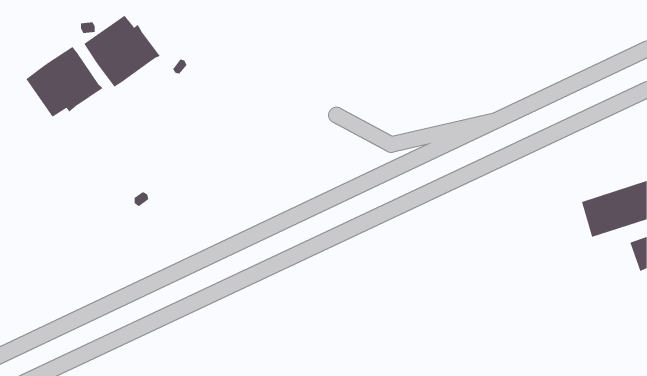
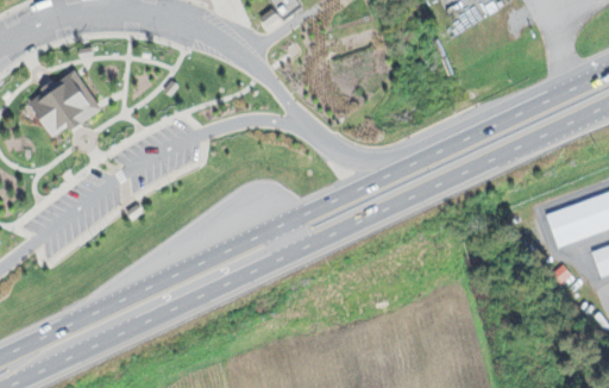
building: [84,15,161,88] -> none

